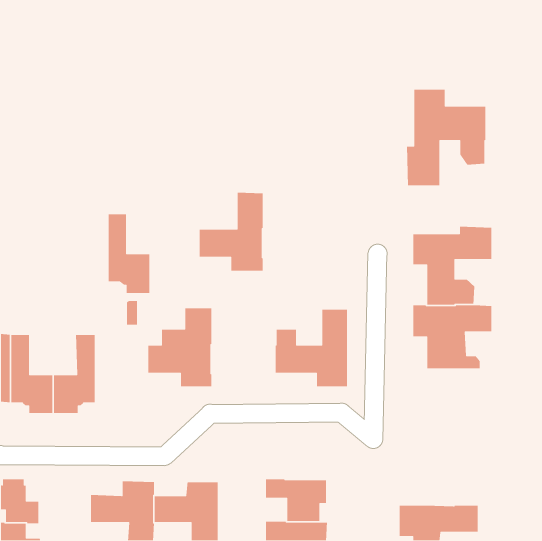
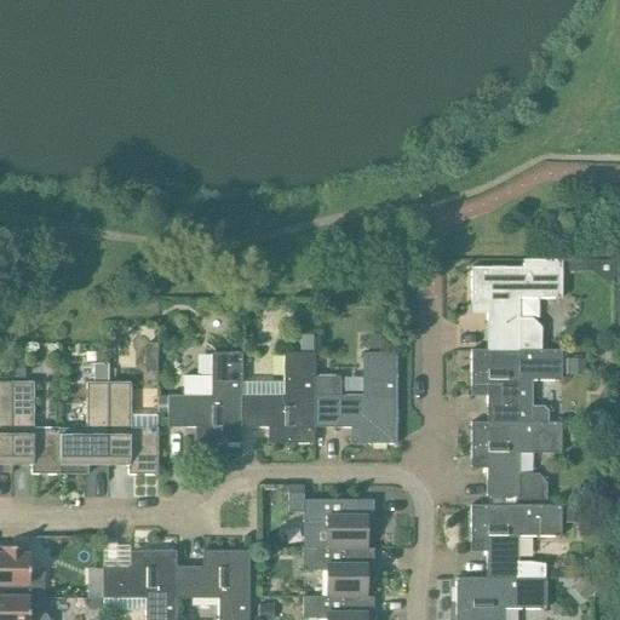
building: [406,89,486,186] -> none
building: [199,192,263,271] -> [241,351,315,442]
building: [108,213,150,294] -> [109,381,157,473]
building: none -> [471,420,562,499]
building: none -> [287,492,374,547]
building: none -> [470,504,561,578]

